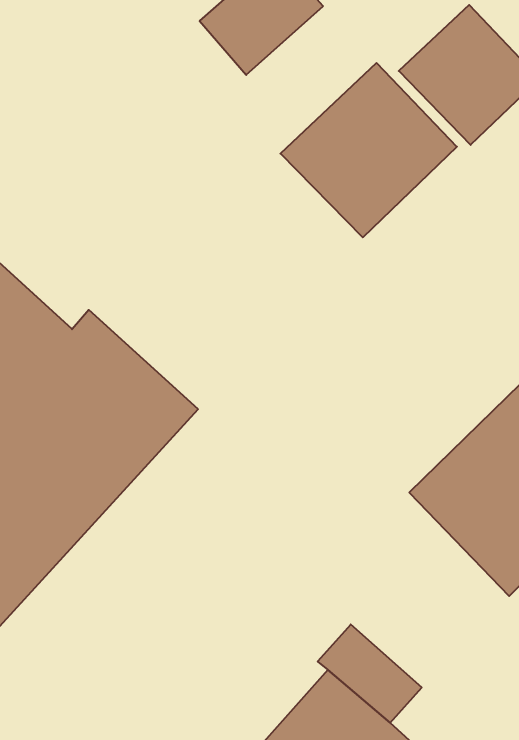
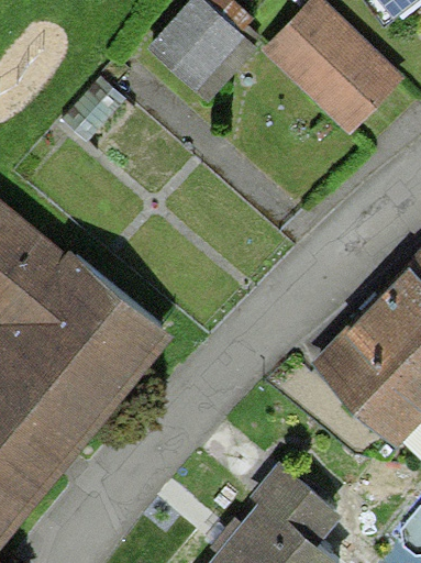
building: [280,63,457,237] -> none

